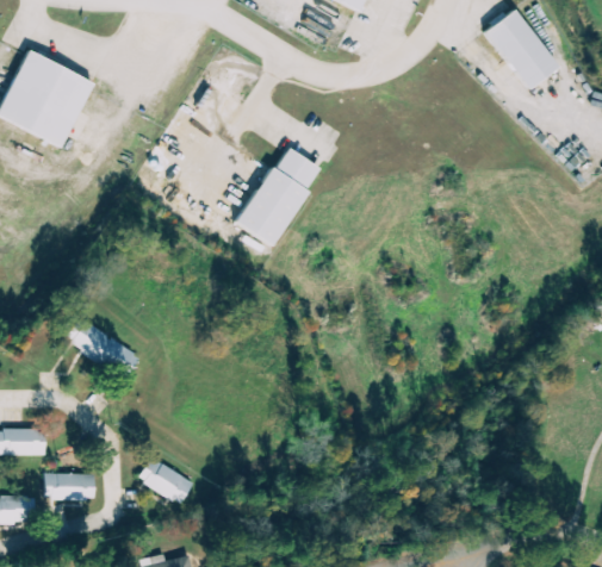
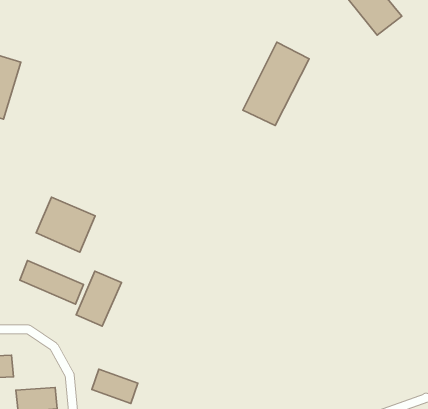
building: [236,145,322,245] -> [243,42,309,126]
building: none -> [36,197,95,252]
building: none -> [76,271,121,326]

